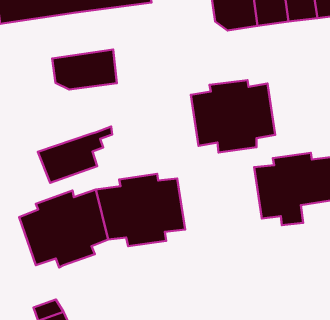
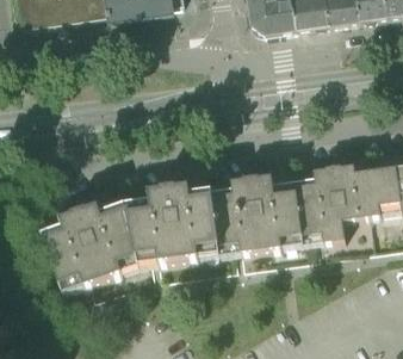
building: [52,50,117,90] -> none
building: [191,80,275,153] -> [211,179,302,256]
building: [38,126,112,183] -> none

